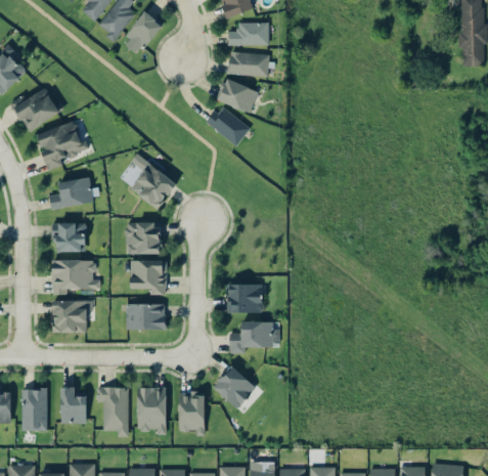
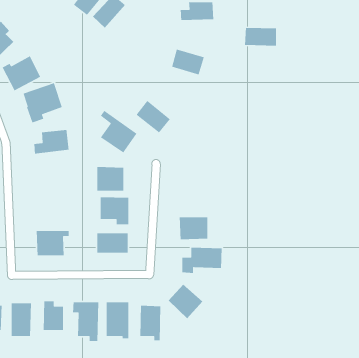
building: [228,52,268,76] -> [244,27,277,46]
building: [207,104,250,145] -> [136,100,171,133]
building: [53,222,84,252] -> none
building: [51,259,100,294] -> none

